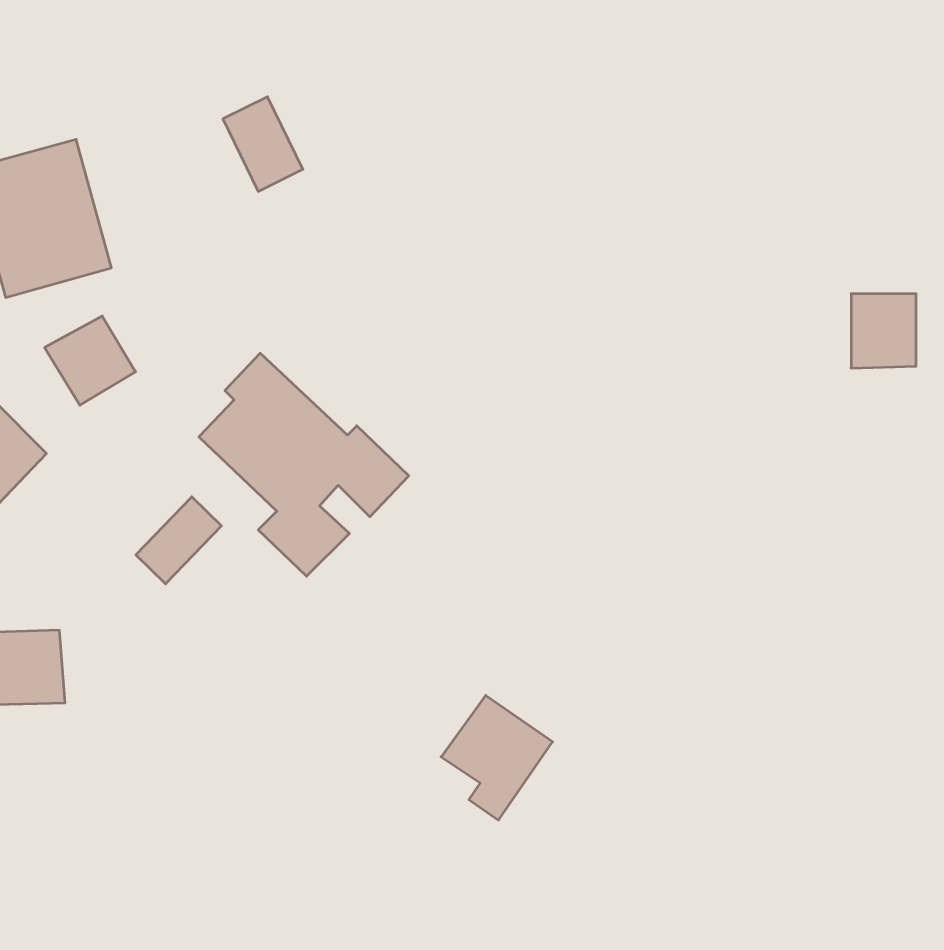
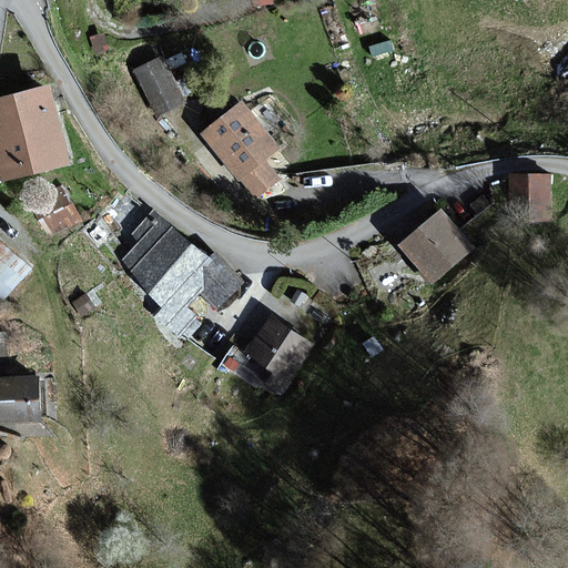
building: none -> [201,102,275,196]
building: none -> [399,211,474,285]
building: [136,497,221,584] -> none
building: [441,695,553,820] -> [242,315,308,389]

